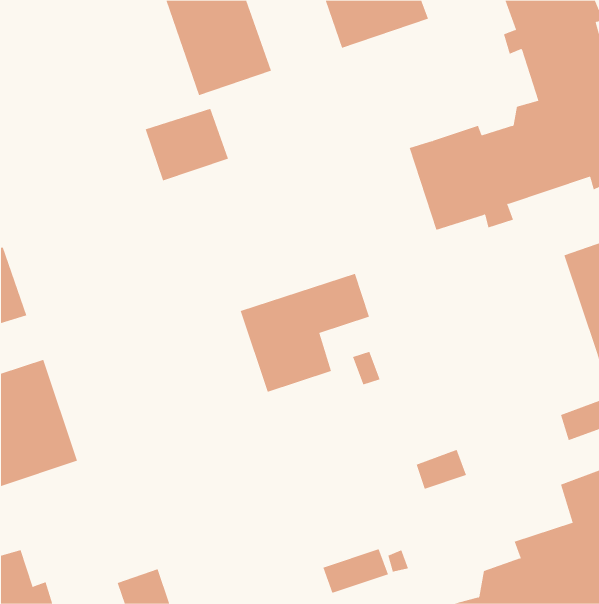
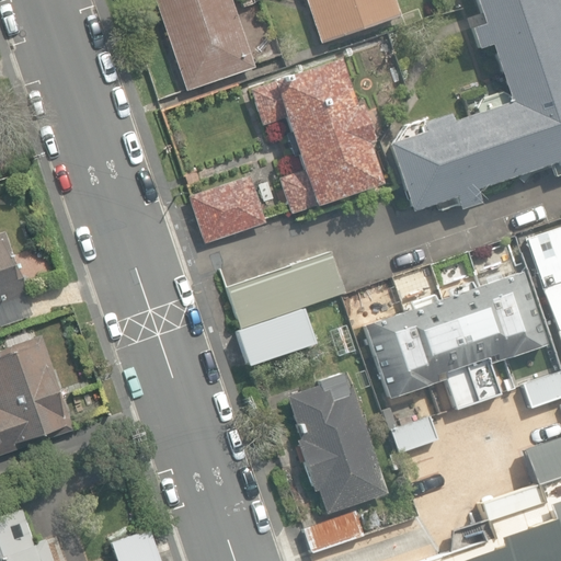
building: none -> [251,57,381,211]
building: [145,108,229,181] -> [190,174,267,242]
building: none -> [364,272,546,410]
building: none -> [287,370,388,512]

